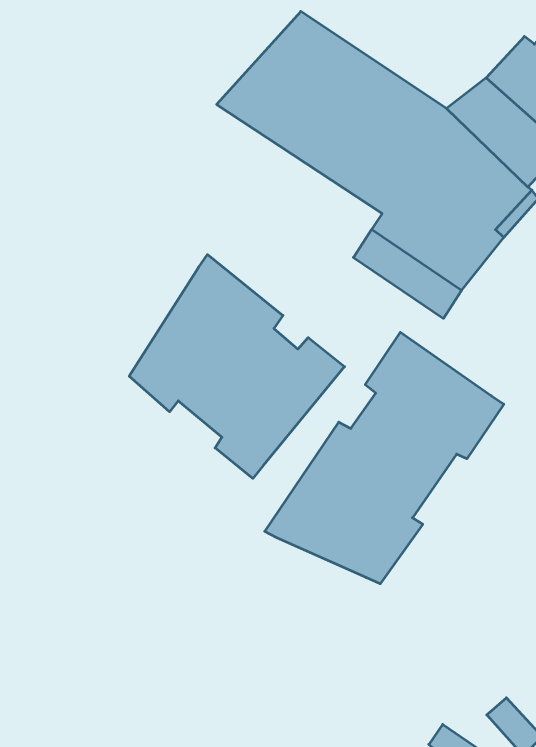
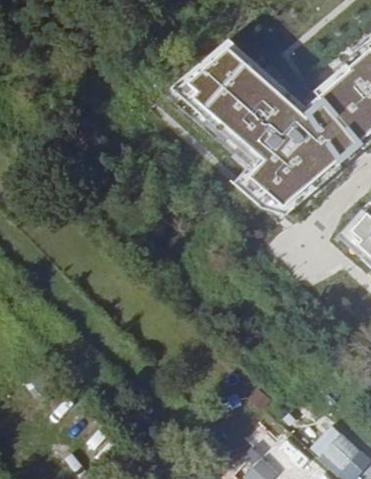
building: [129,255,345,478] -> none
building: [265,332,504,584] -> none

